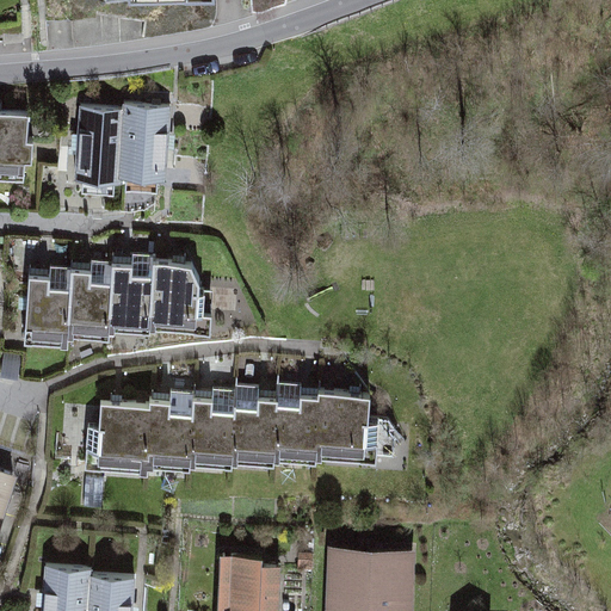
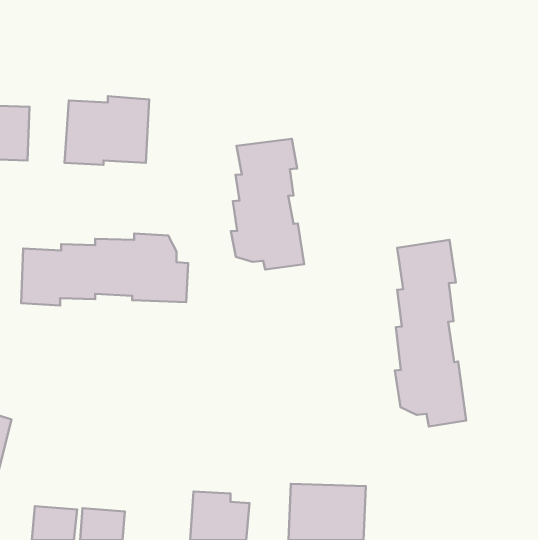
building: none -> [231,139,304,269]
building: none -> [395,240,466,427]
building: [88,384,374,473] -> none

